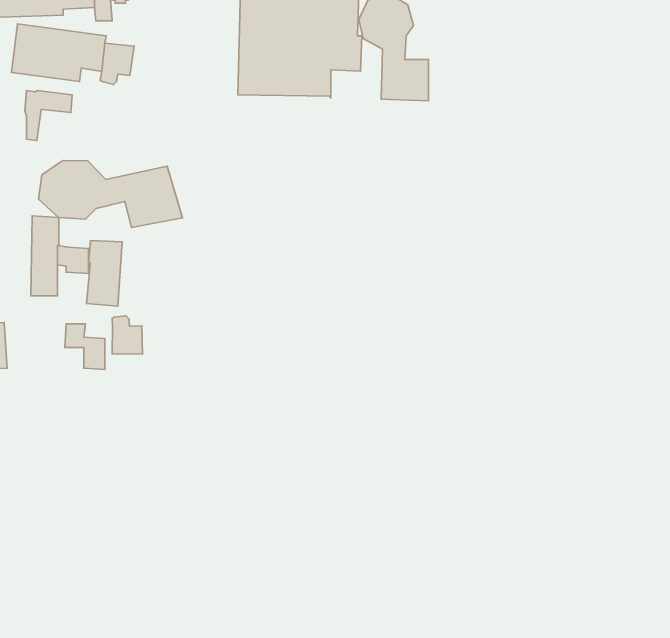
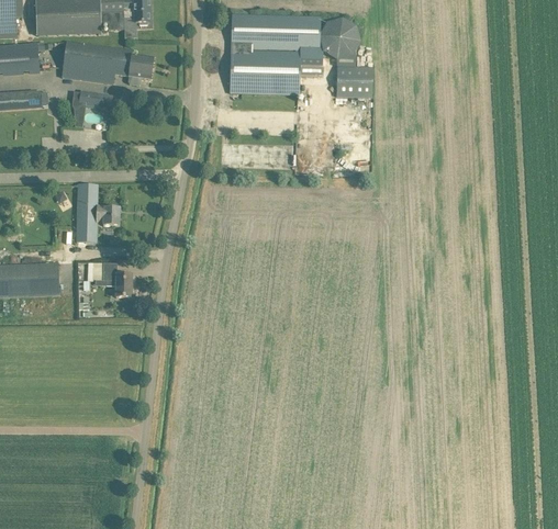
building: [38,160,182,227] -> none
building: [86,241,122,306] -> none
building: [112,316,143,354] -> none

